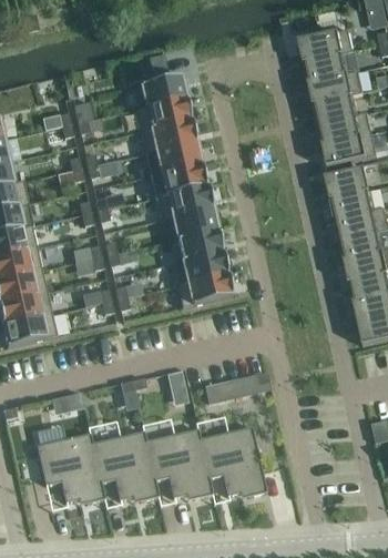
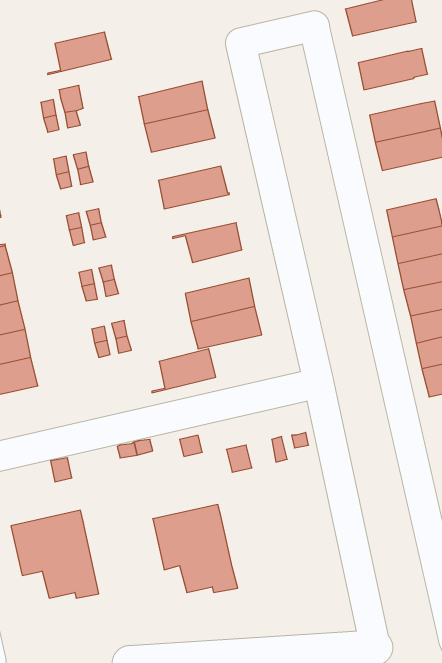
building: [304,50,354,82] -> none
building: [136,75,186,109] -> [48,32,112,75]
building: [313,93,357,123] -> none
building: [146,141,201,174] -> none
building: [325,166,369,197] -> none
building: [156,185,213,219] -> none
building: [173,229,223,263] -> [152,349,216,393]
building: [201,426,267,495] -> none
building: [93,430,160,499] -> none

